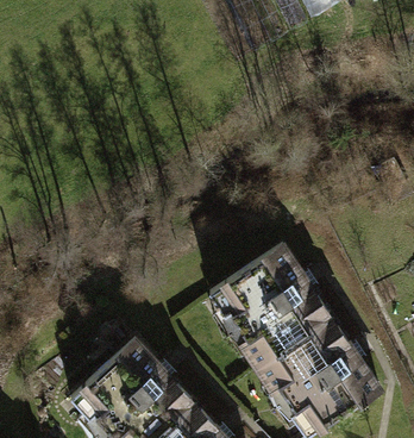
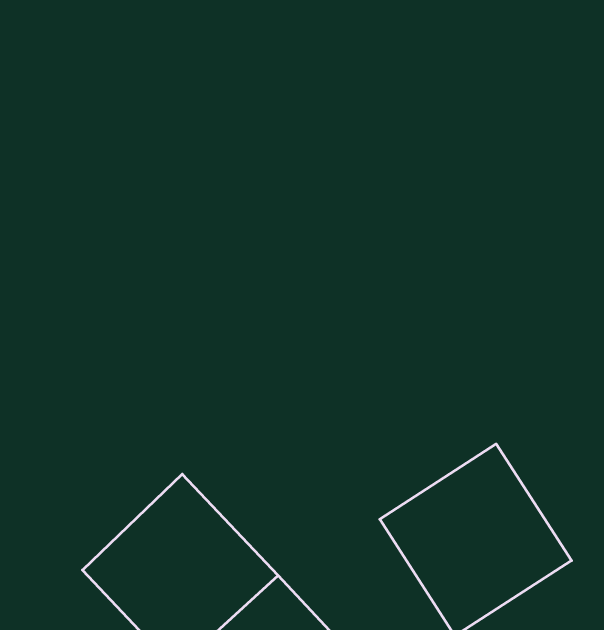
building: [211,244,332,365] -> none

